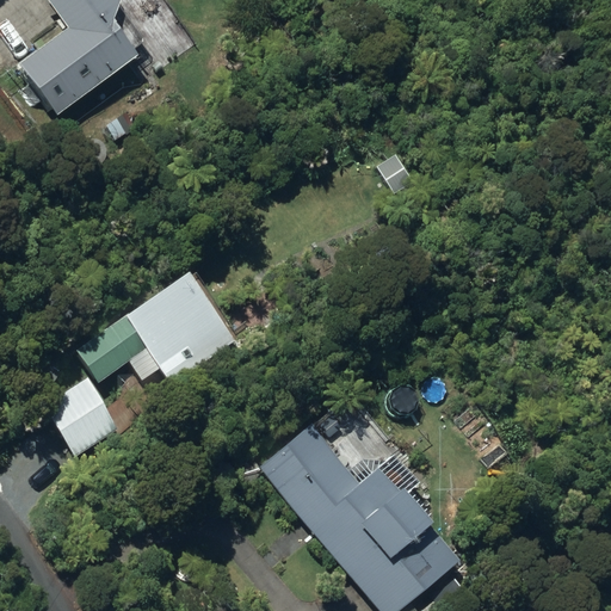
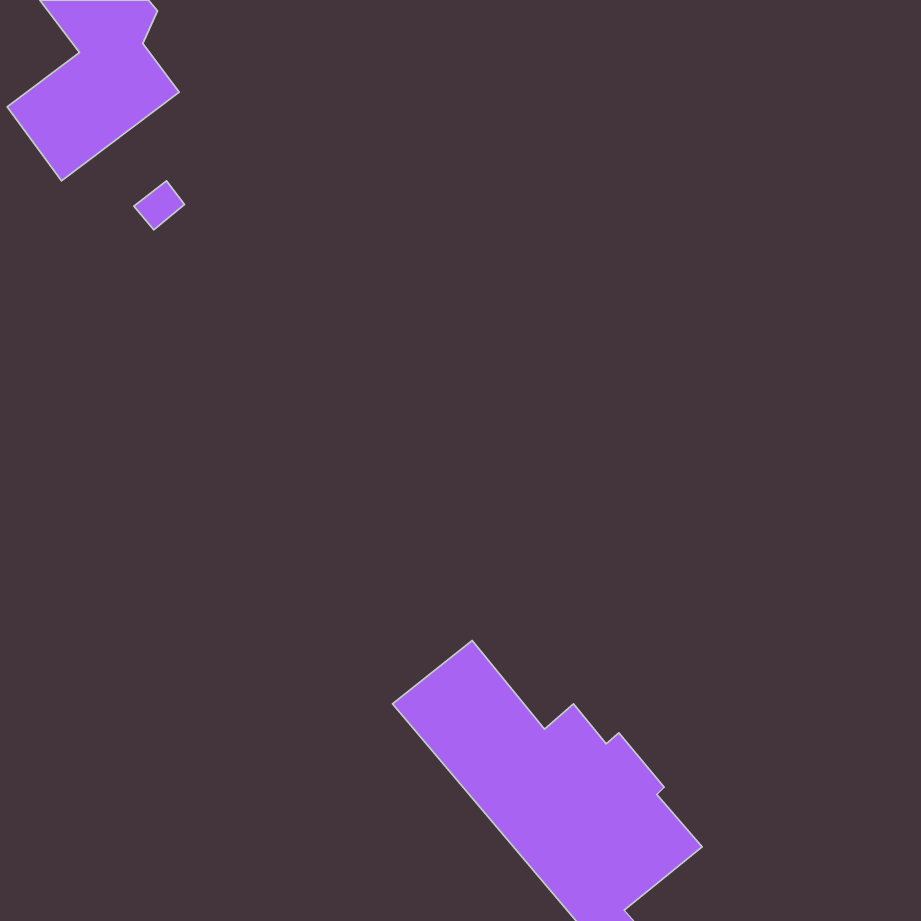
building: [78,271,237,383] -> none
building: [45,377,121,455] -> none

